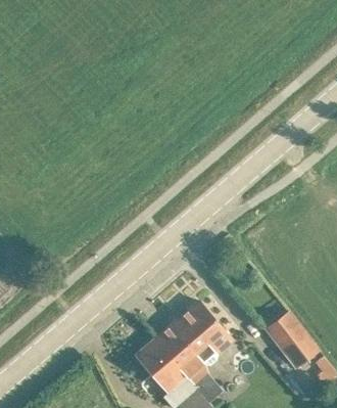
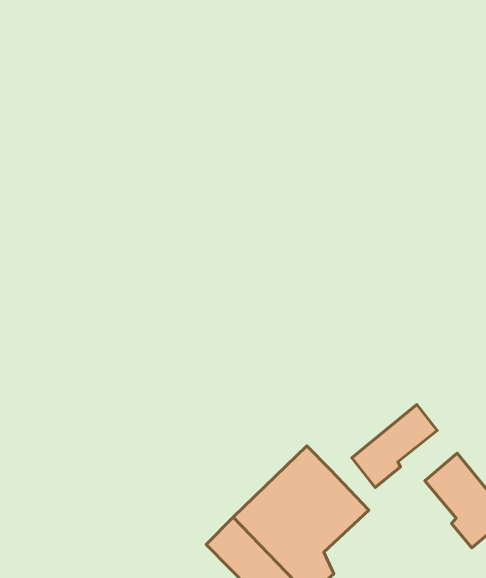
building: none -> [352,404,437,487]

